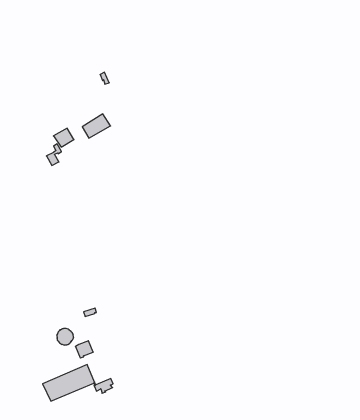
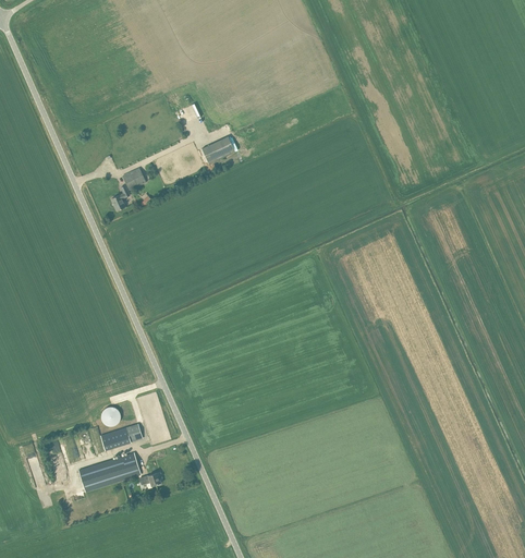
building: [82,114,111,138] -> [202,135,235,162]

